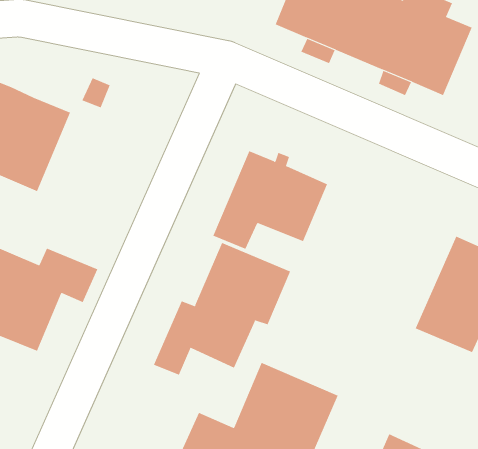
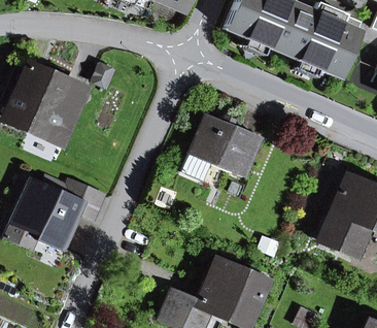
building: [153,242,291,376] -> none

